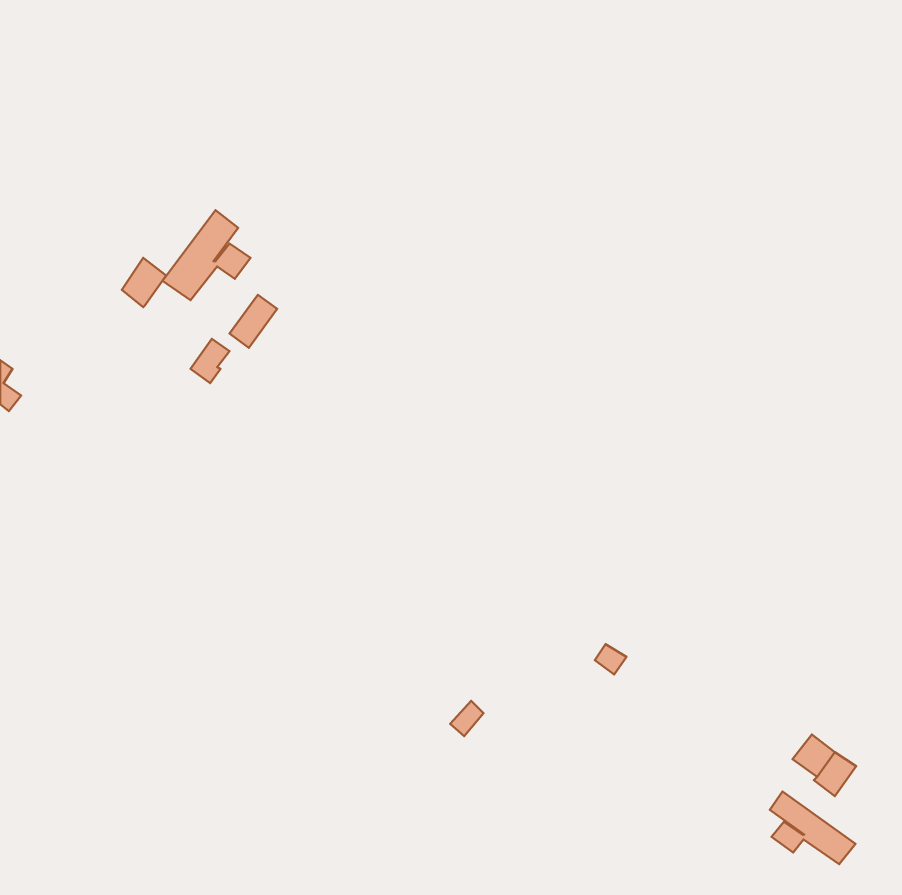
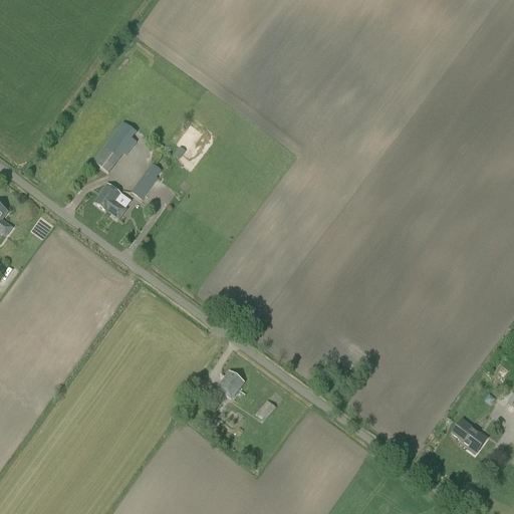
building: [122,258,166,307] -> [95,183,120,211]
building: none -> [217,369,244,398]
building: [770,792,856,864] -> none

